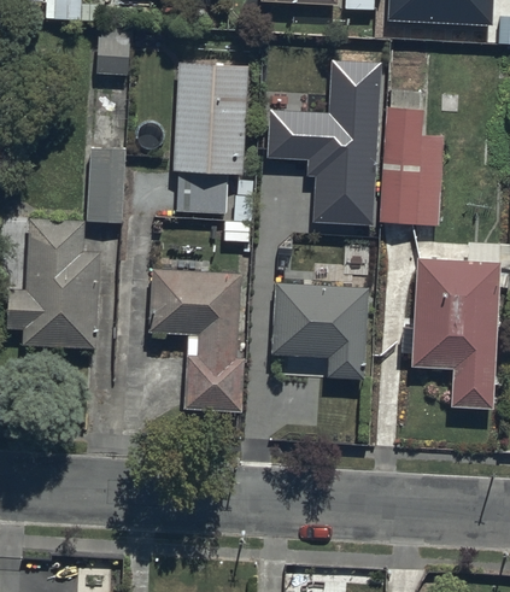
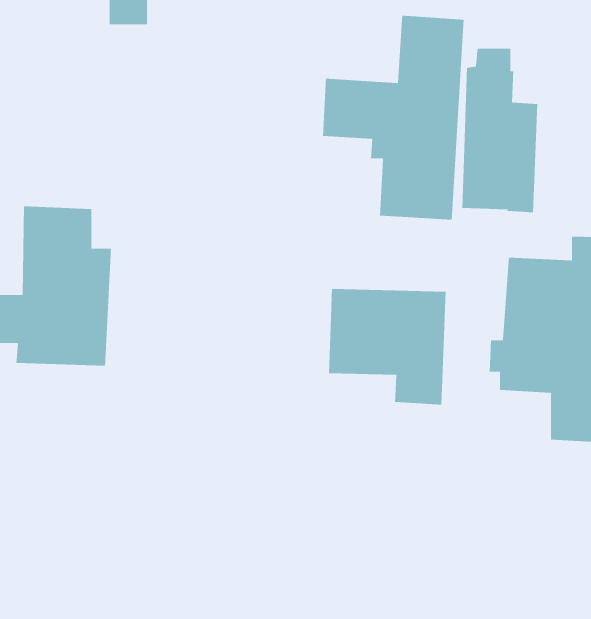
building: [172,60,250,213] -> none
building: [88,148,124,222] -> none
building: [148,269,242,411] -> none

